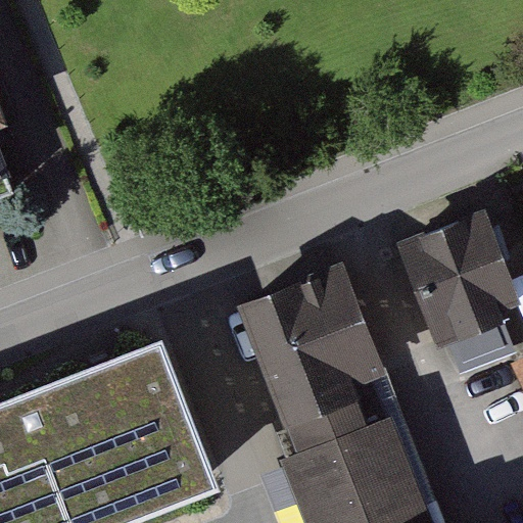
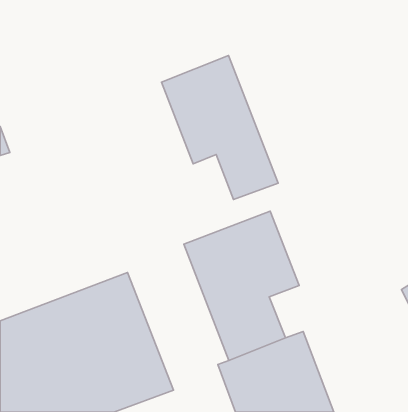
building: none -> [161,56,278,200]
building: [393,208,517,346] -> none

